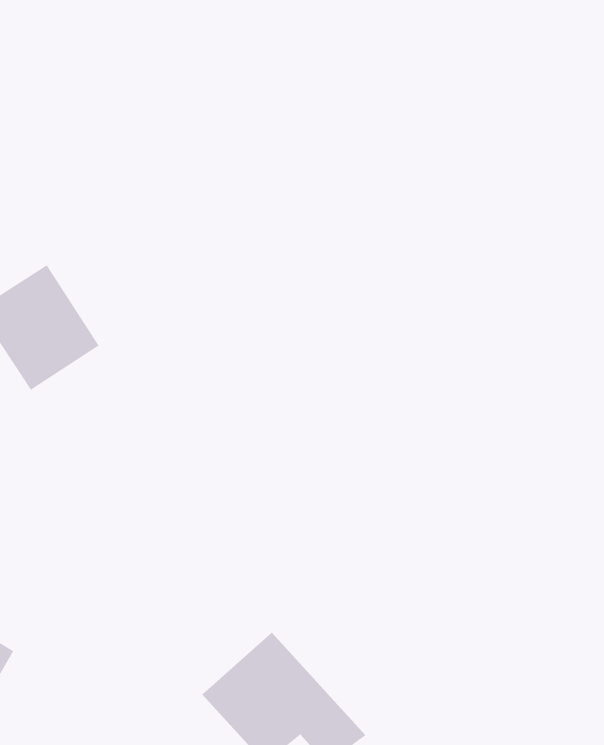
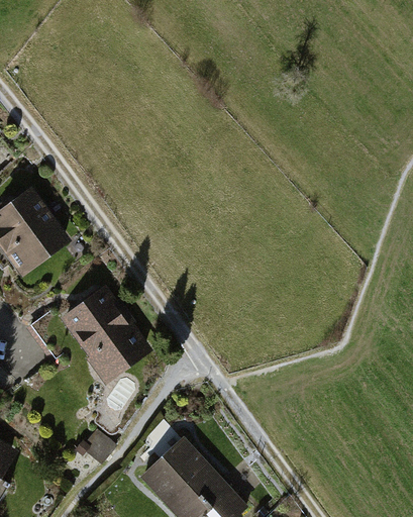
building: none -> [59,288,143,379]

